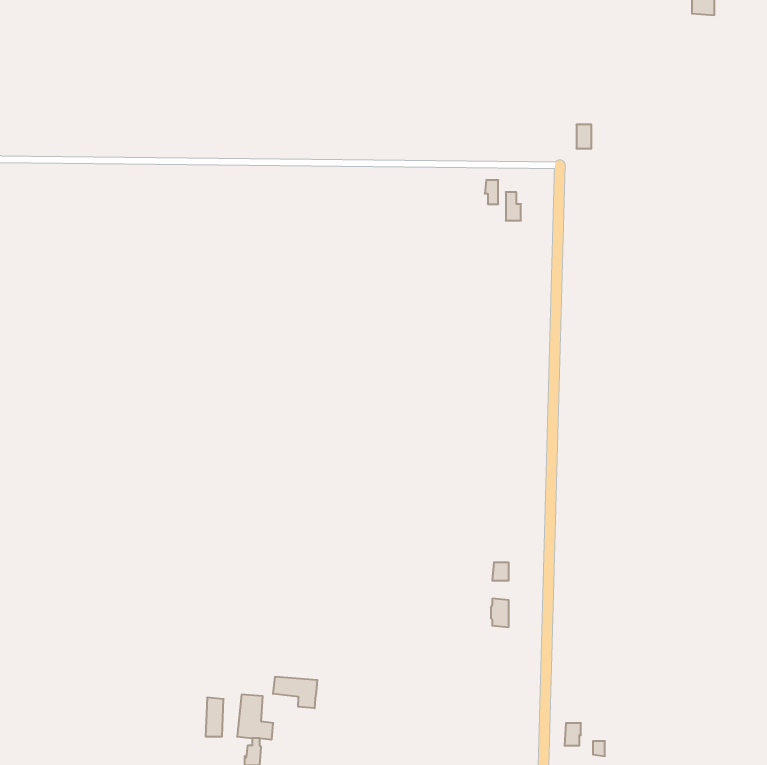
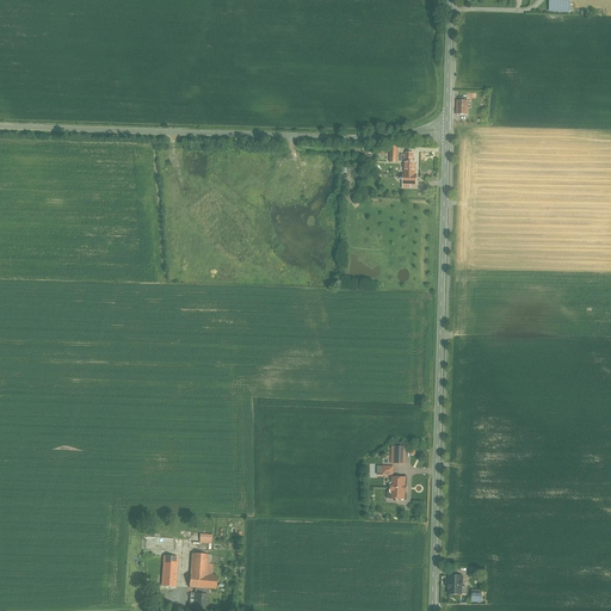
building: [273,677,317,708] -> none

